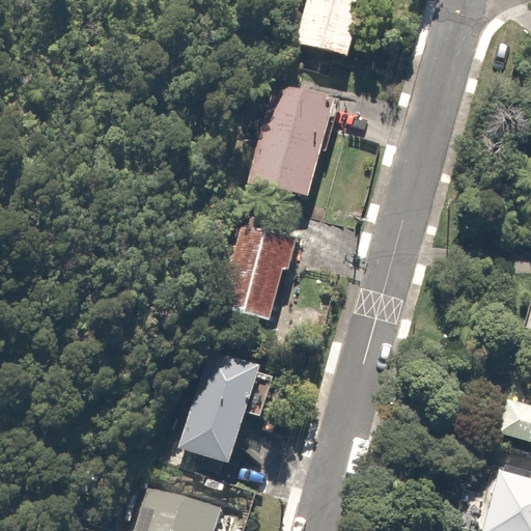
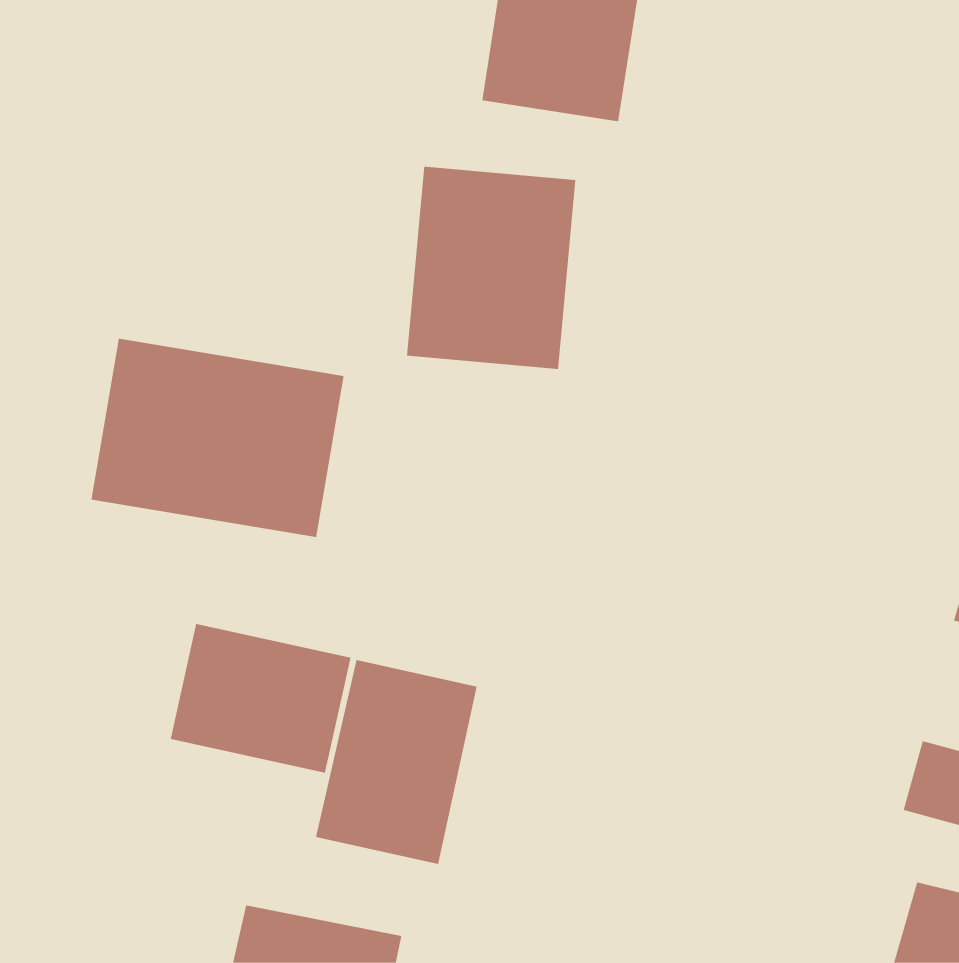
building: none -> [91,338,344,538]
building: [212,225,292,316] -> none
building: none -> [170,623,351,774]

